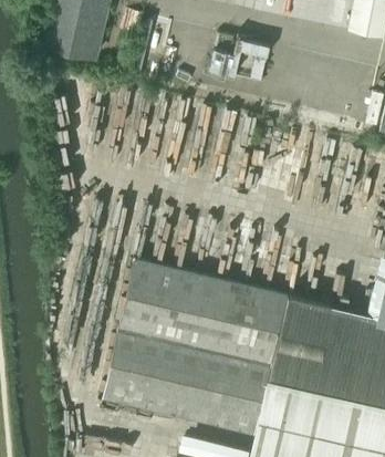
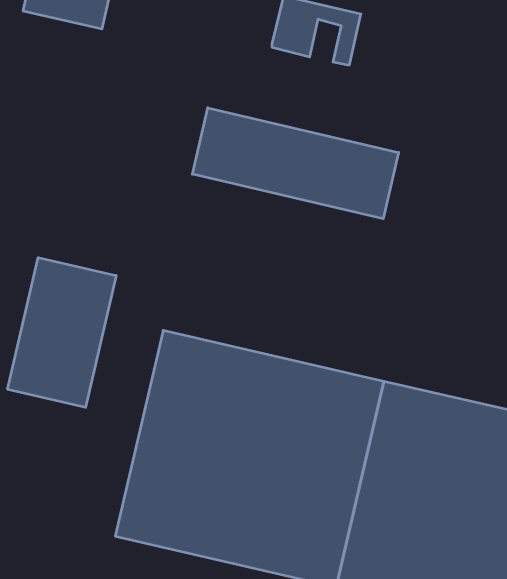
building: none -> [192,108,399,219]
building: none -> [8,258,116,407]

